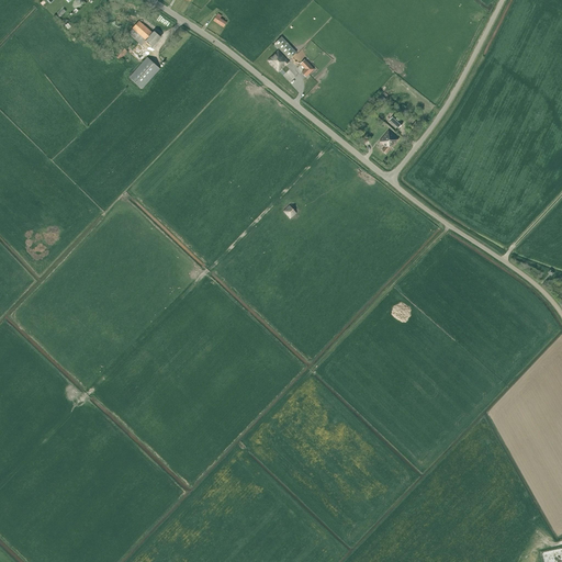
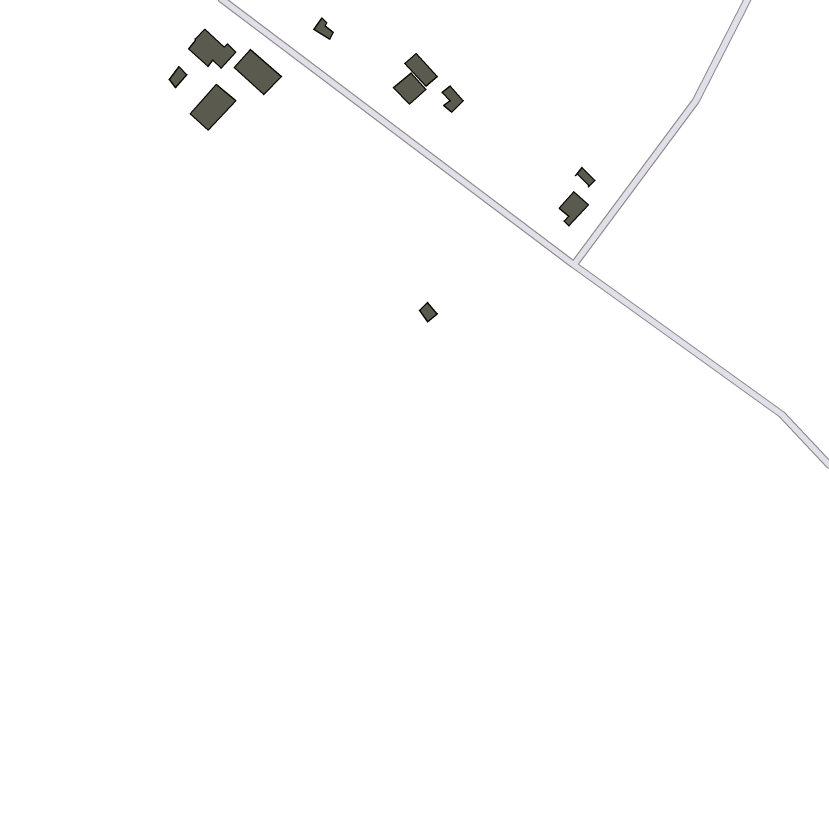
building: none -> [234,49,282,95]

